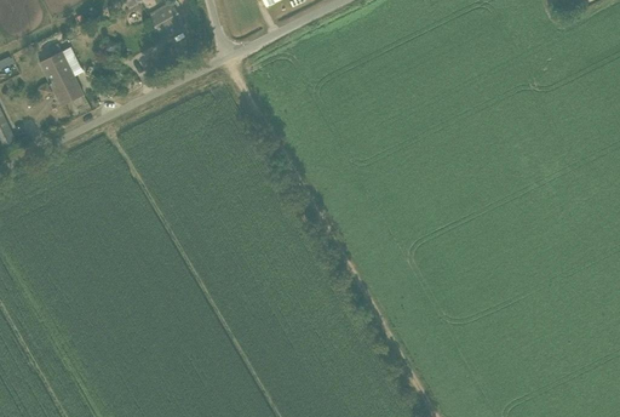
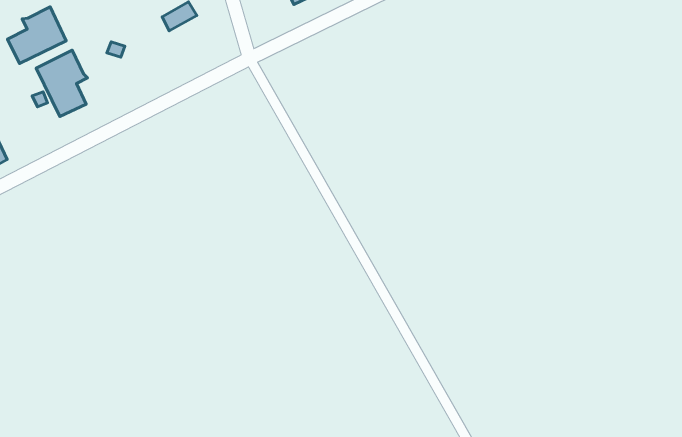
building: none -> [7,7,66,64]

